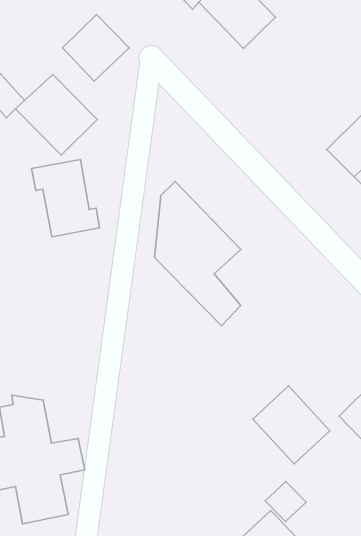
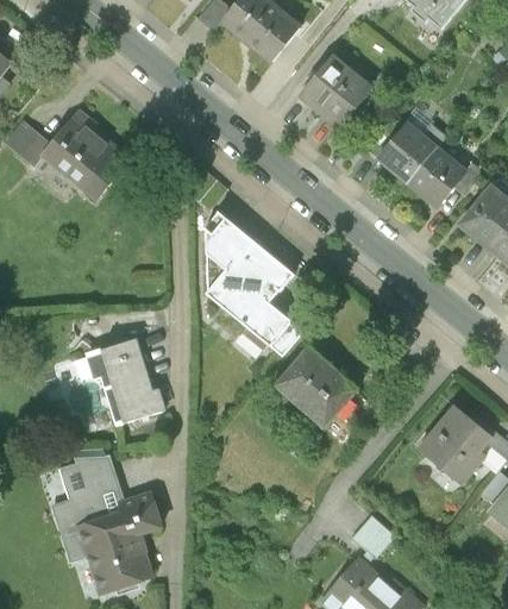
building: [63,14,129,81] -> none
building: none -> [299,55,375,131]
building: [32,160,100,237] -> [87,340,165,425]
building: [253,386,330,464] -> [276,347,358,428]

